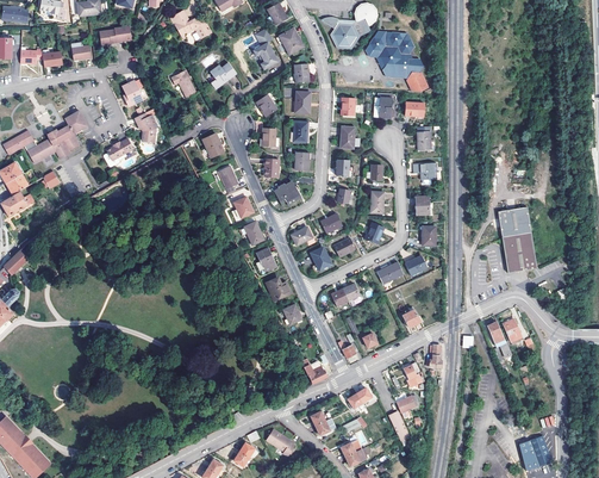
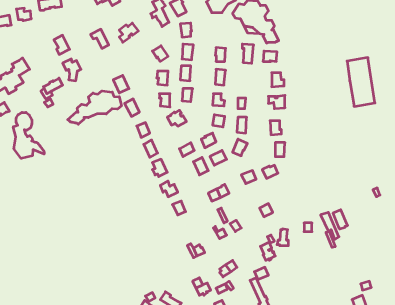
building: none -> [68,91,121,124]
building: none -> [13,112,44,158]
building: [498,206,536,273] -> [347,58,375,106]

